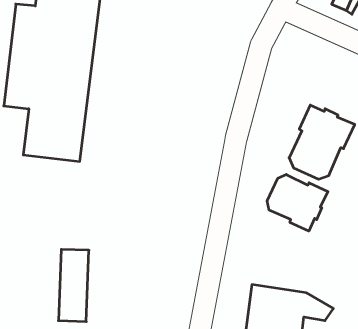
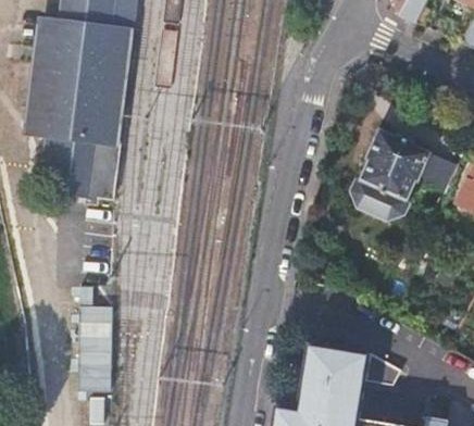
building: [267,174,328,231] -> none

